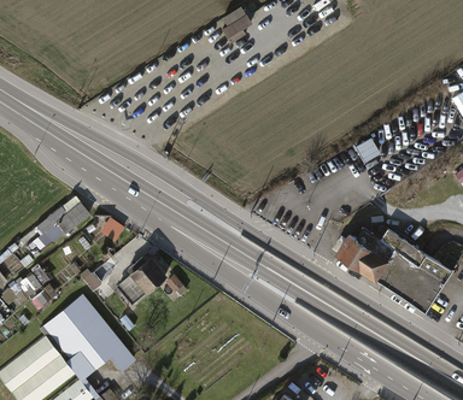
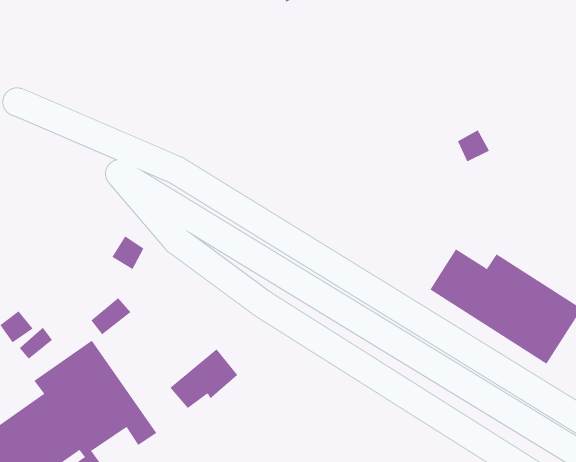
building: [34,195,92,246] -> none
building: [115,259,165,304] -> [170,349,238,409]

